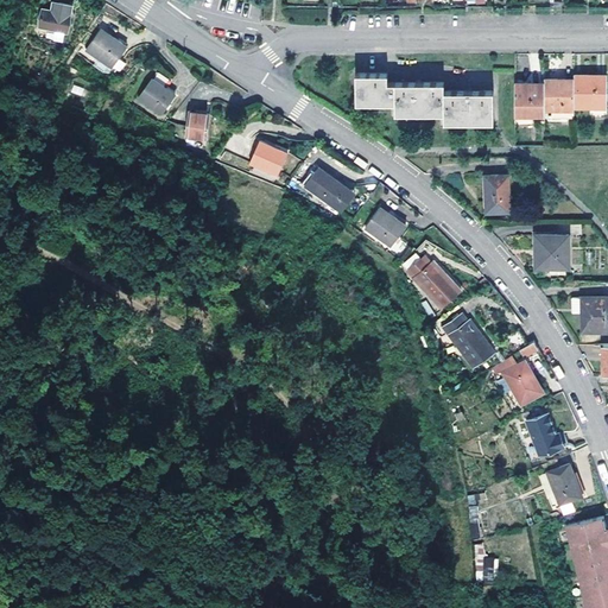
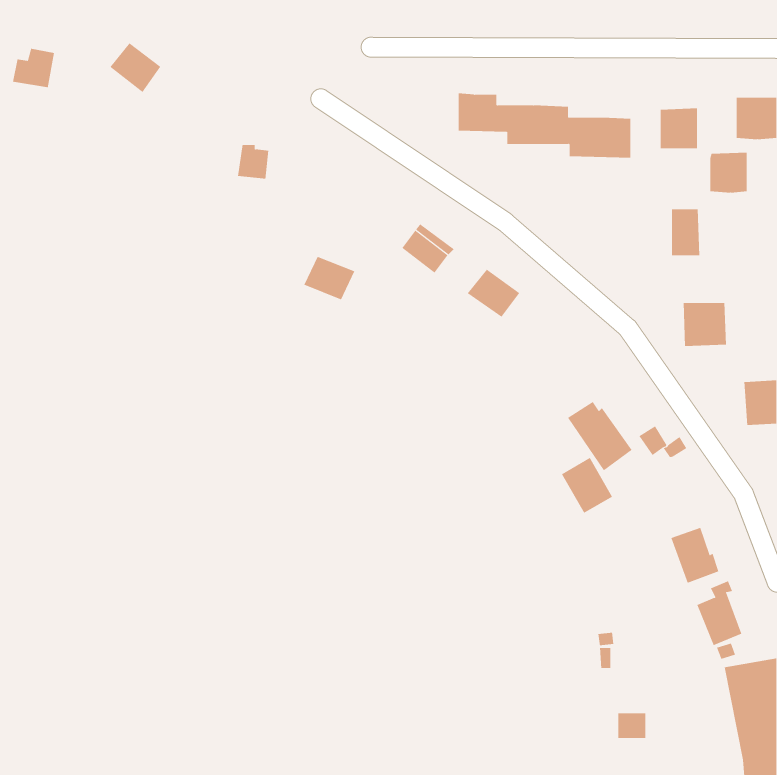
building: [39,6,72,37] -> [12,48,55,88]
building: [545,81,575,113] -> [709,152,747,193]
building: [138,82,176,119] -> none
building: [248,144,289,178] -> [303,256,355,300]
building: [484,176,507,213] -> [671,209,700,256]
building: [408,258,460,306] -> none
building: [501,362,542,406] -> [561,457,613,514]

